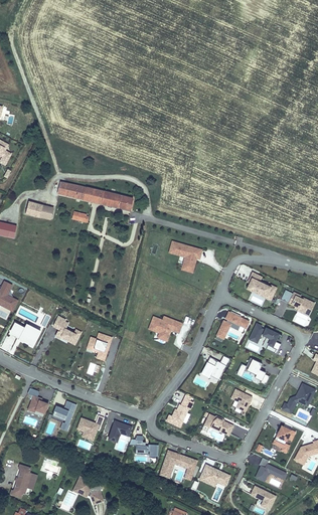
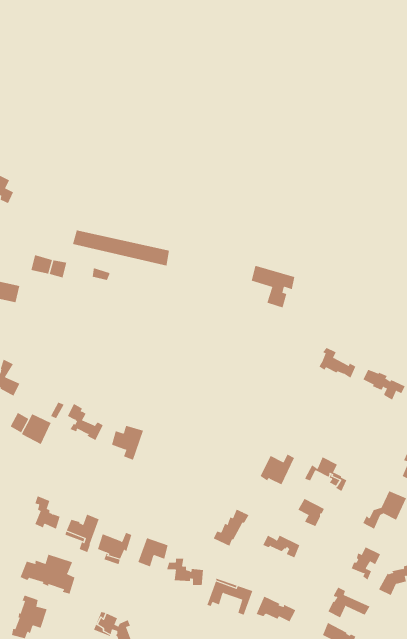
building: [168,240,202,274] -> [251,265,295,308]
building: [215,311,251,342] -> none
building: [149,317,182,340] -> none
building: [250,323,282,353] -> none
building: none -> [20,554,75,595]

